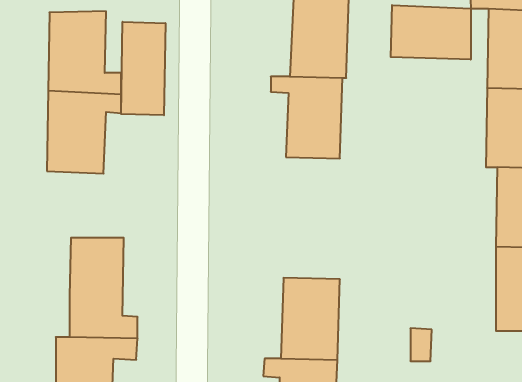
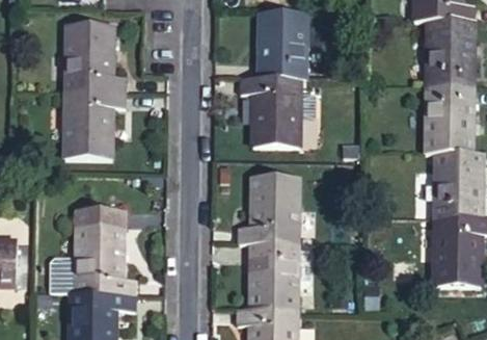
building: [391,5,471,60] -> none
building: [121,22,165,115] -> none
building: none -> [242,179,305,247]
building: none -> [54,261,80,295]

